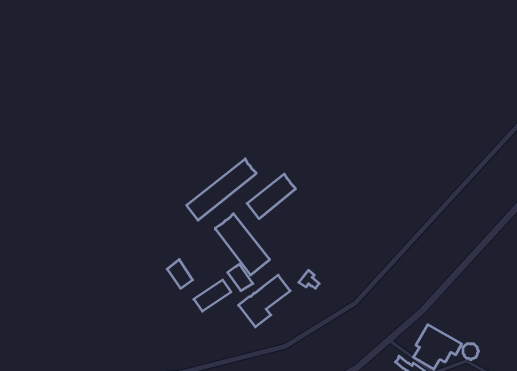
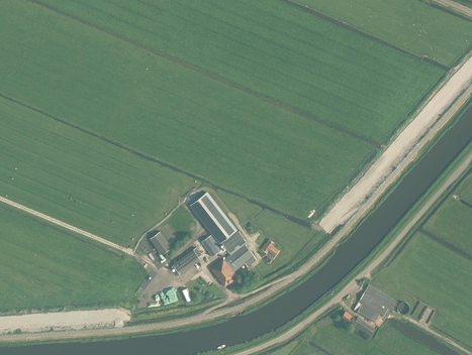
building: [187,159,256,220] -> none
building: [247,174,295,219] -> none

